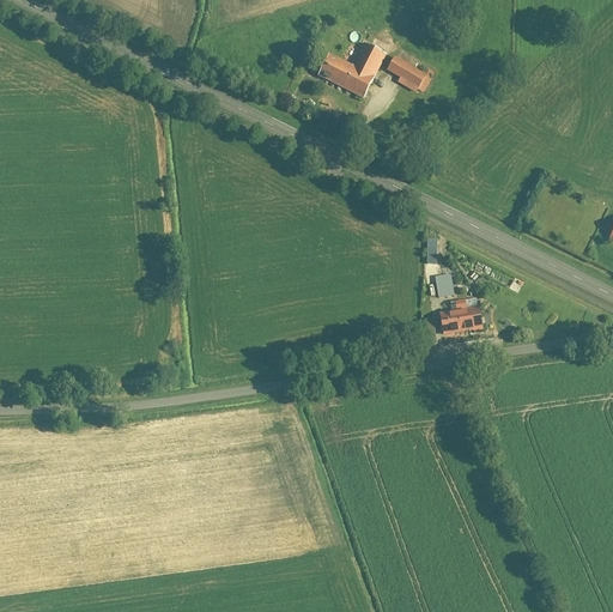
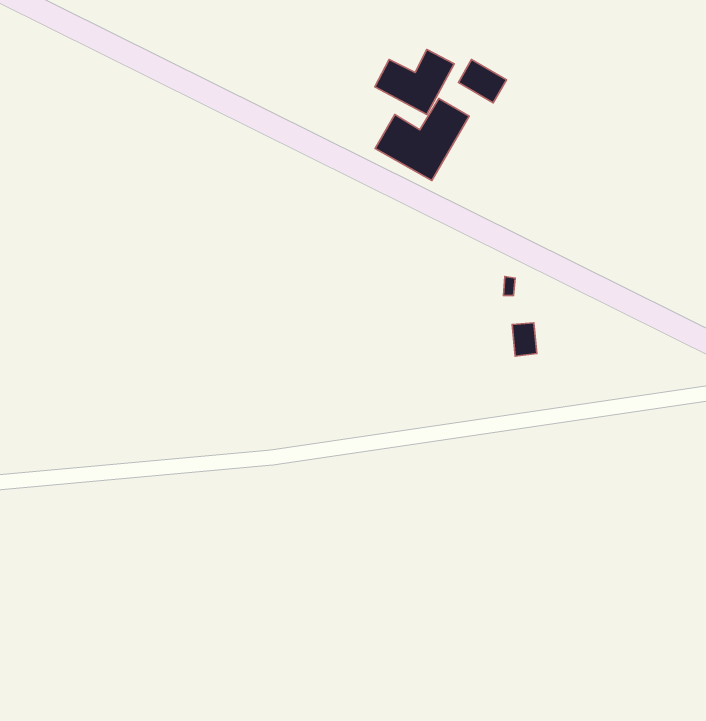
building: none -> [375,98,469,180]
building: [439,303,484,335] -> none

